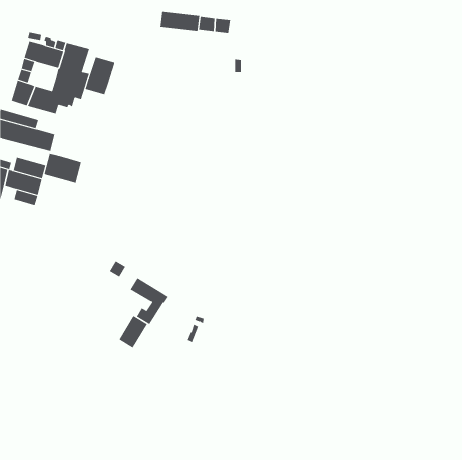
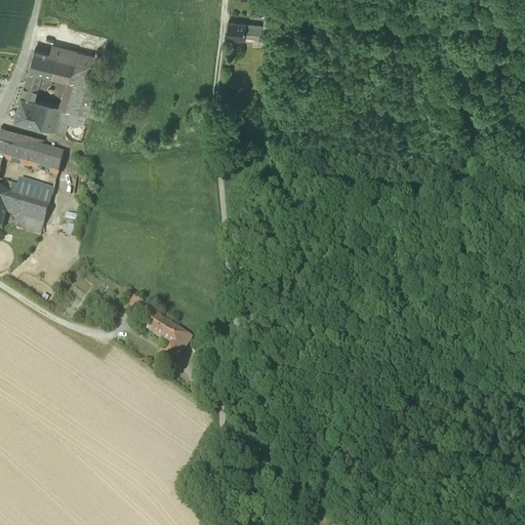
building: [160,11,200,32] -> none
building: [85,57,115,95] -> none
building: [44,153,81,183] -> none
building: [118,315,147,349] -> none

